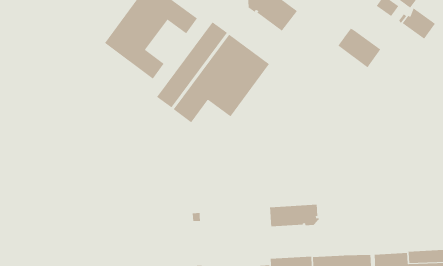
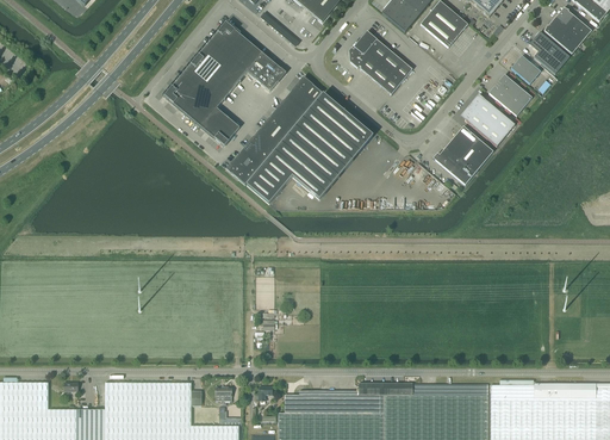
building: [402,7,436,40] -> [488,74,531,116]
building: none -> [432,126,493,185]
building: [270,204,319,227] -> none

